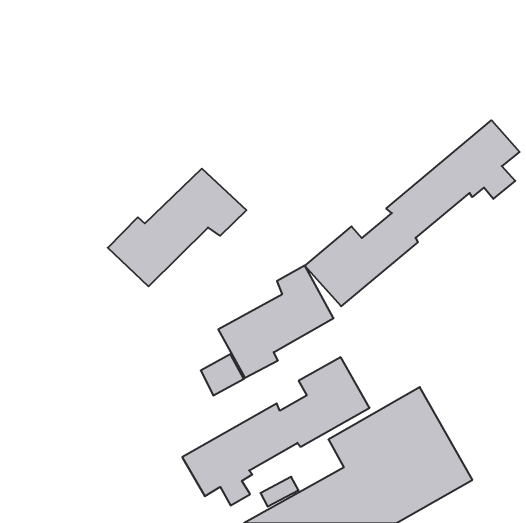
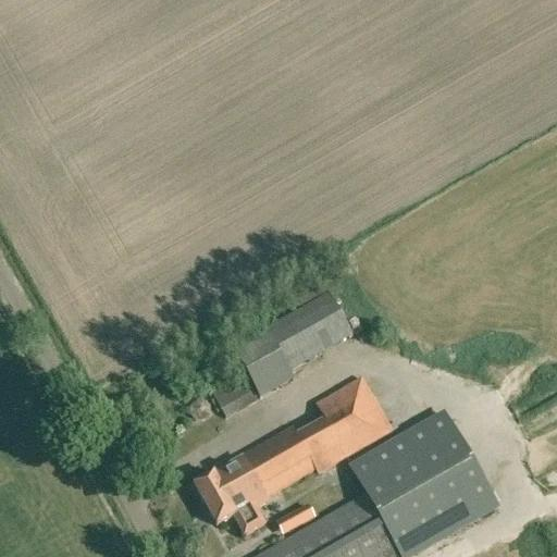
building: [305,120,520,306] -> none
building: [108,169,246,286] -> none

